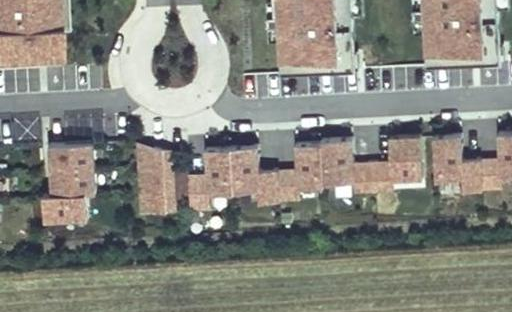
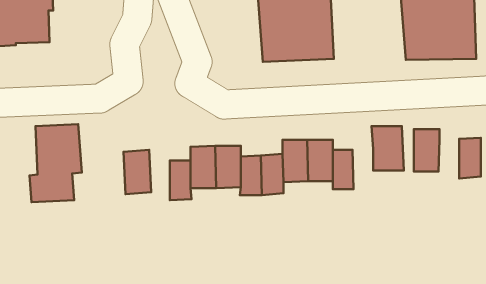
building: [457,151,478,192] -> none
building: [370,161,391,202] -> none

